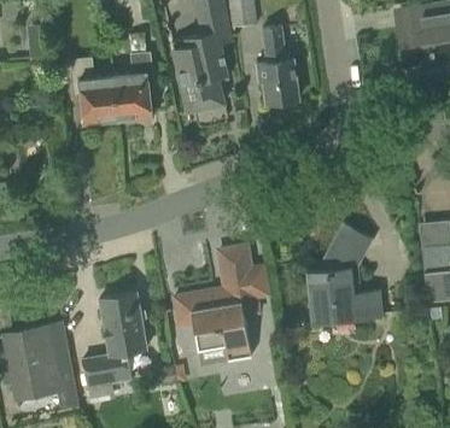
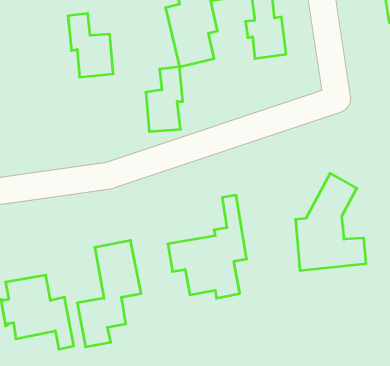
building: [115,52,153,119] -> [146,67,183,132]

